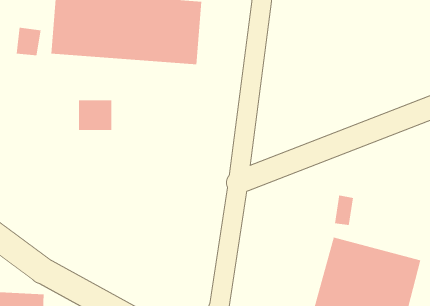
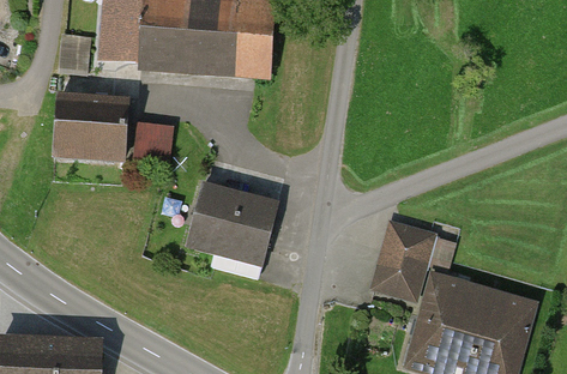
building: none -> [49,99,129,159]
building: none -> [183,182,275,259]
building: none -> [374,229,436,302]

